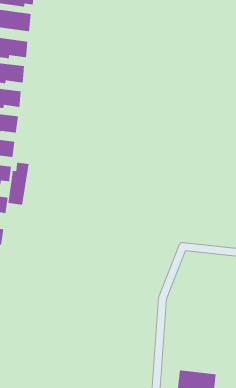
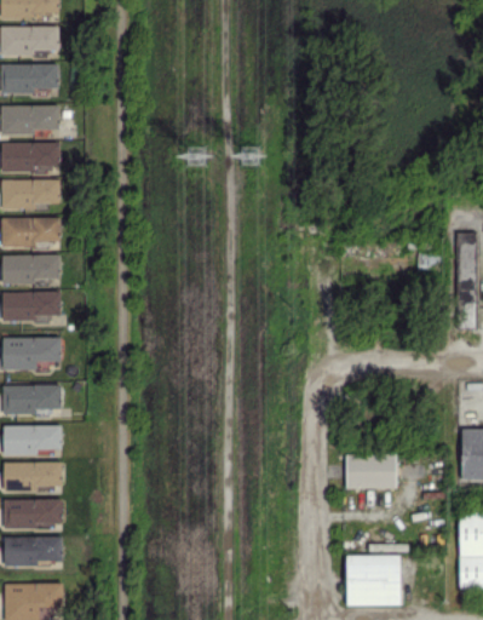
building: [8,162,29,206] -> none
building: none -> [346,454,397,489]

